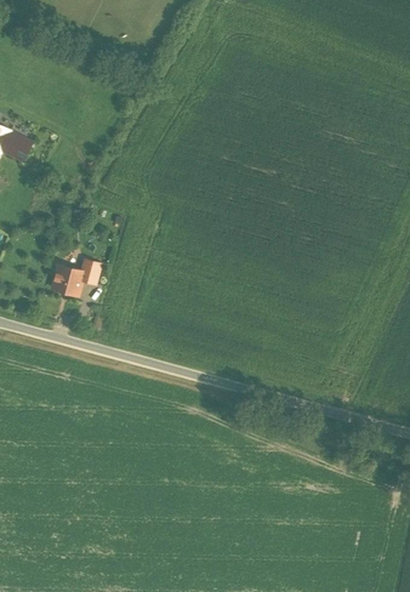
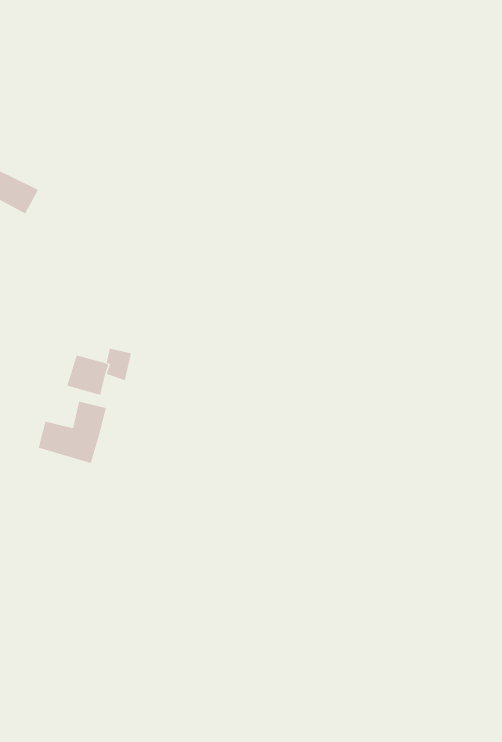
building: none -> [38,401,107,464]

